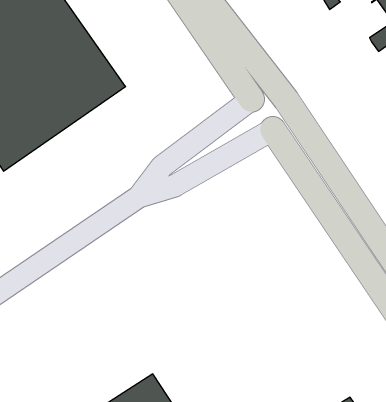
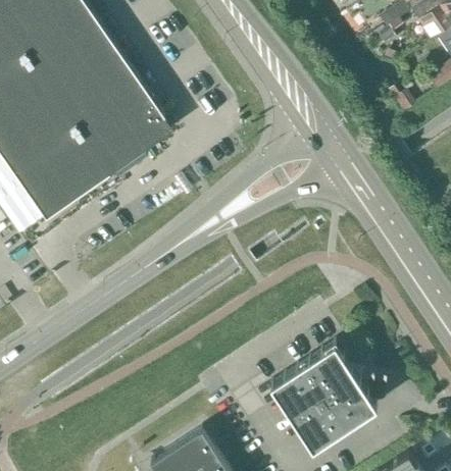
building: none -> [270,344,378,450]

